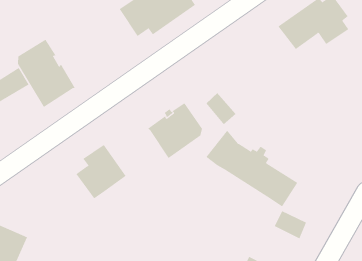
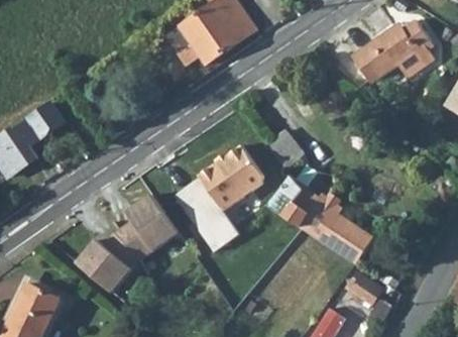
building: [17,39,76,108] -> none
building: none -> [178,177,242,253]
building: none -> [75,228,137,291]

